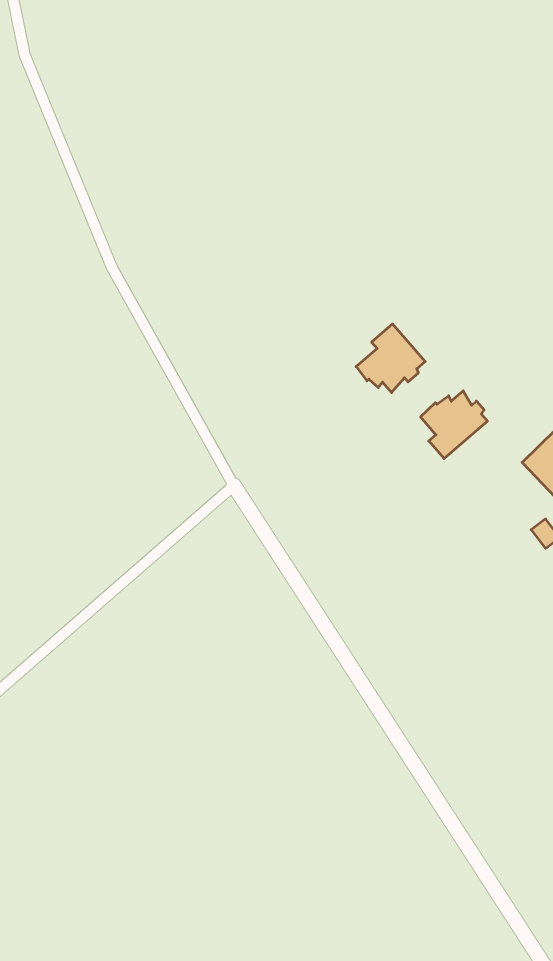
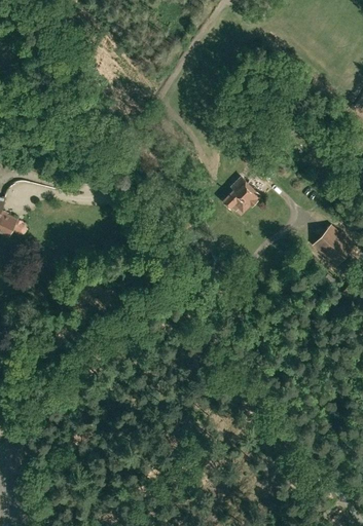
building: [421,391,487,459] -> none

